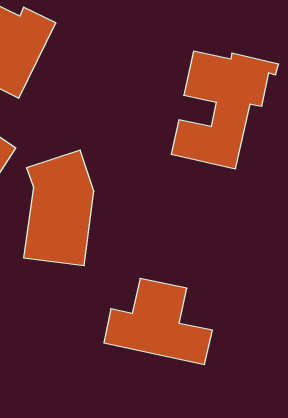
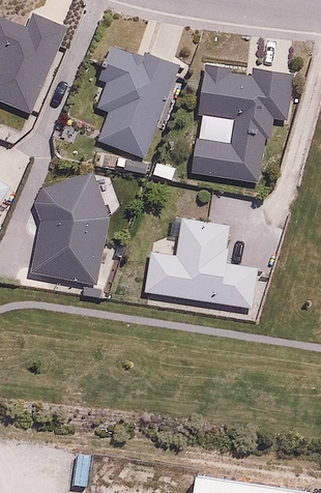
building: none -> [95,38,179,155]
building: [104,278,212,365] -> [143,218,258,309]

